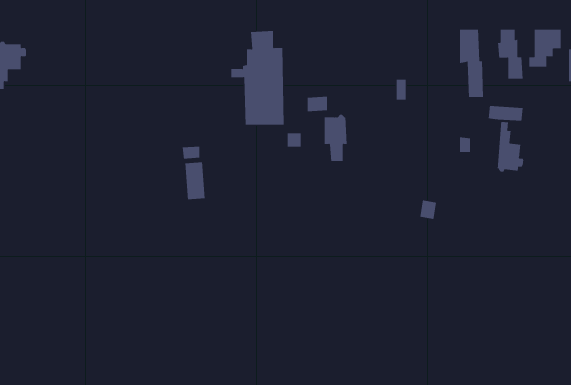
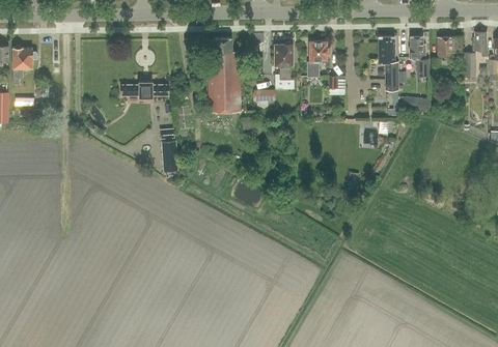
building: none -> [307,41,328,77]
building: none -> [121,82,169,97]
building: [324,114,348,161] -> [275,41,294,79]
building: [497,121,524,172] -> none

